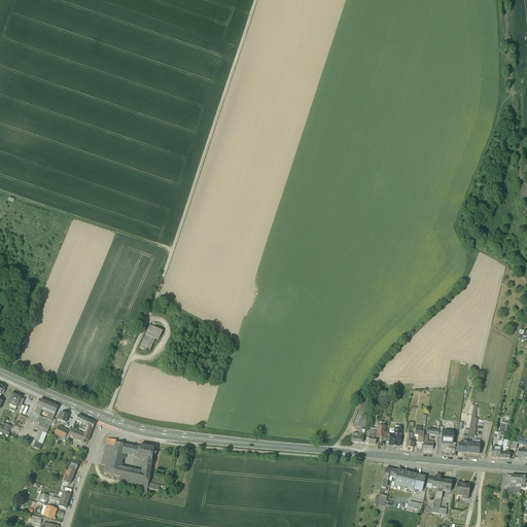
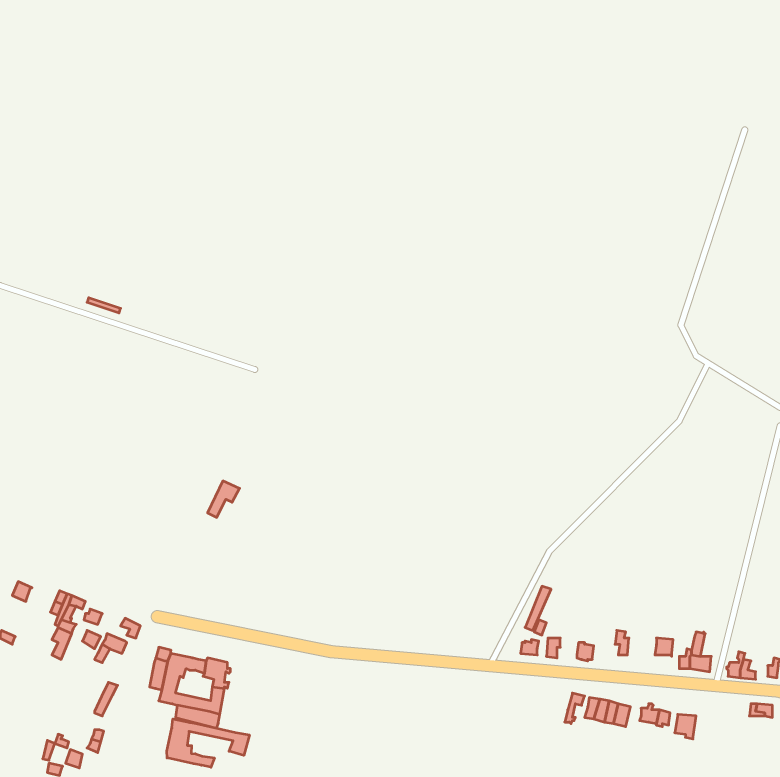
building: none -> [167,719,249,767]

